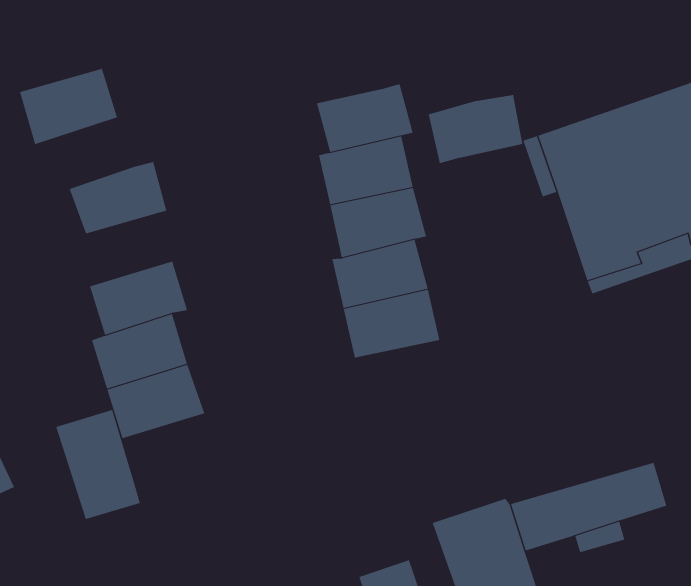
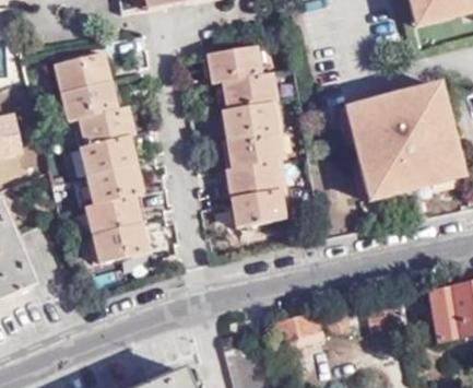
building: [428,94,523,164] -> [208,46,260,82]
building: none -> [62,80,117,120]
building: none -> [81,136,135,174]
building: [56,409,141,520] -> none

